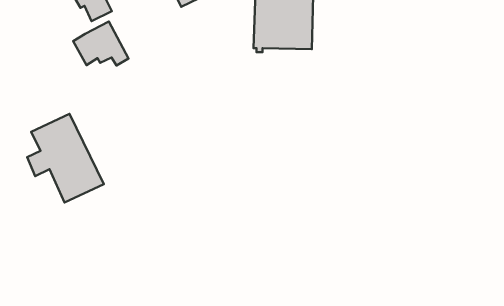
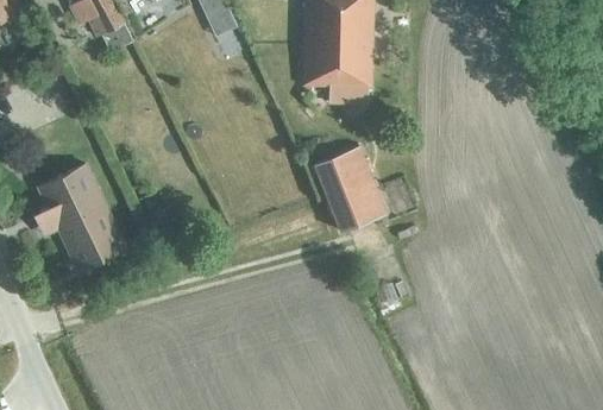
building: [73,21,128,66] -> none
building: none -> [313,147,383,232]

